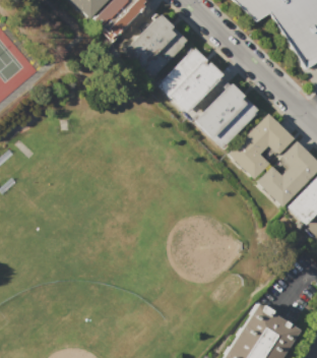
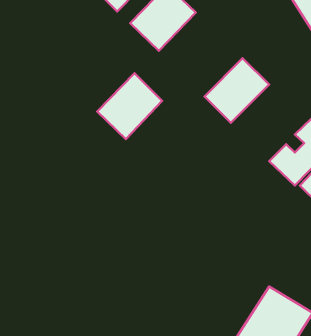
building: [160,48,221,111] -> [97,73,162,139]
building: [231,114,294,178] -> none

